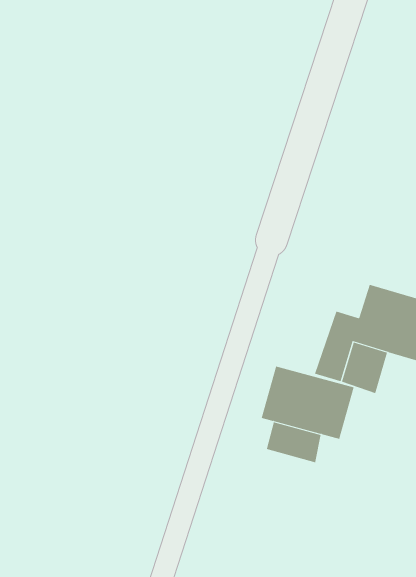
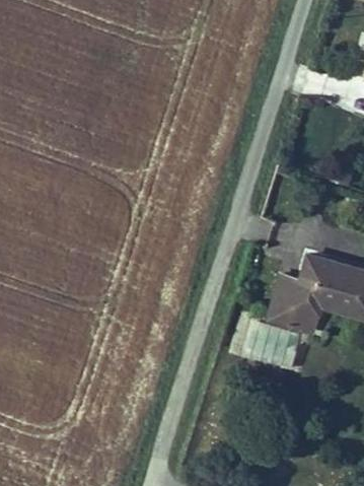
building: [266,421,321,463] -> none

